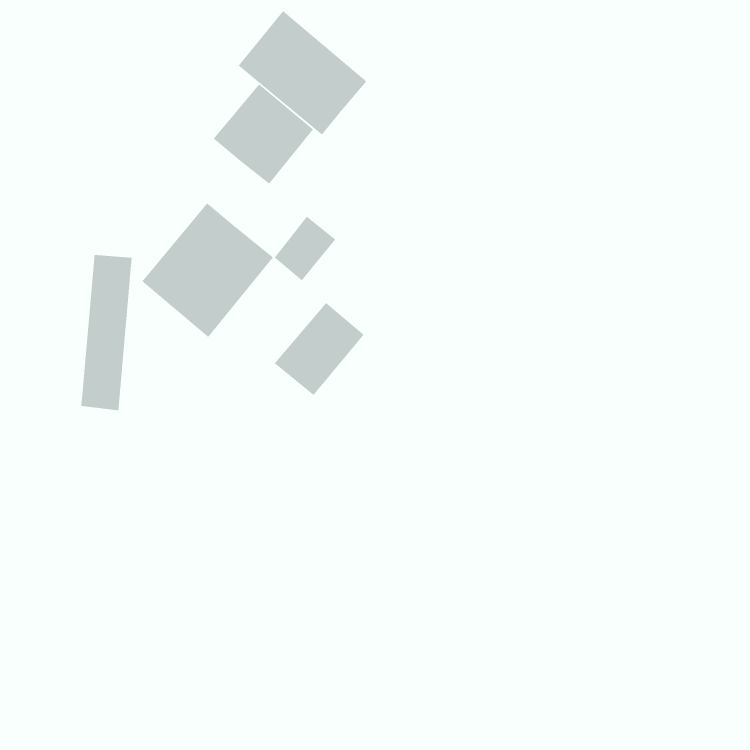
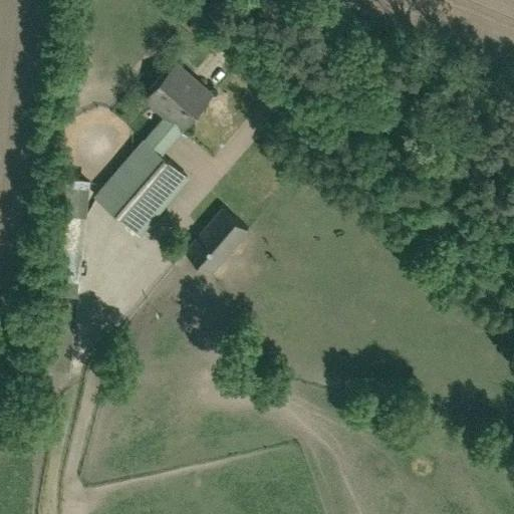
building: [238,10,367,136] -> none
building: [274,216,336,281] -> [140,115,182,160]

